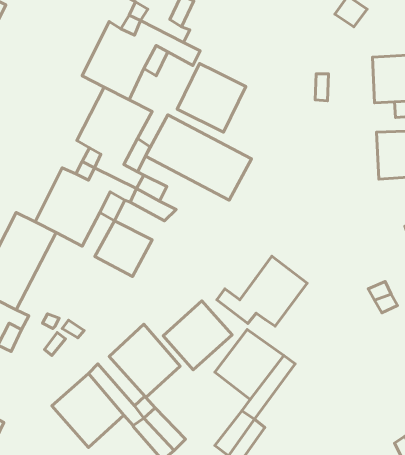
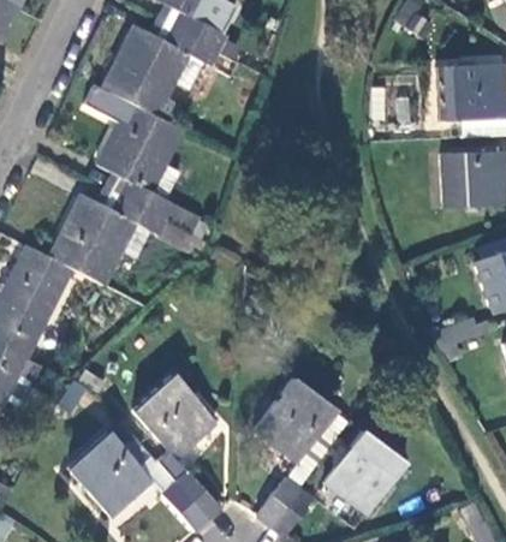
building: [177,63,246,132] -> none
building: [145,115,251,200] -> none
building: [95,221,152,276] -> none
building: [217,256,307,326] -> none
building: [163,301,232,370] -> none
building: none -> [325,431,405,514]

